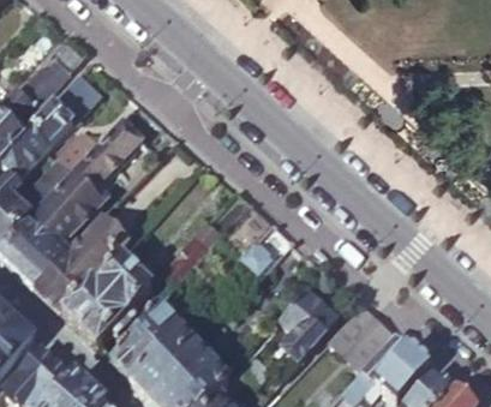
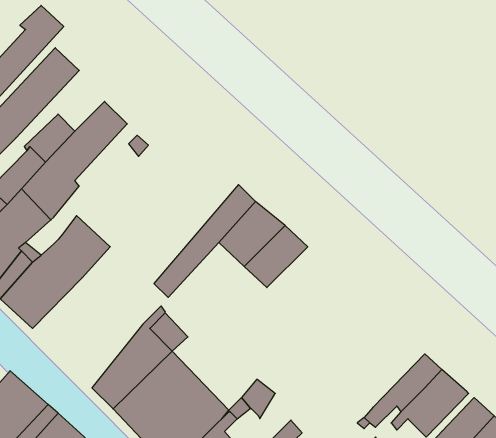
building: [62,255,155,345] -> none
building: [281,287,340,357] -> none
building: [331,303,396,367] -> none

